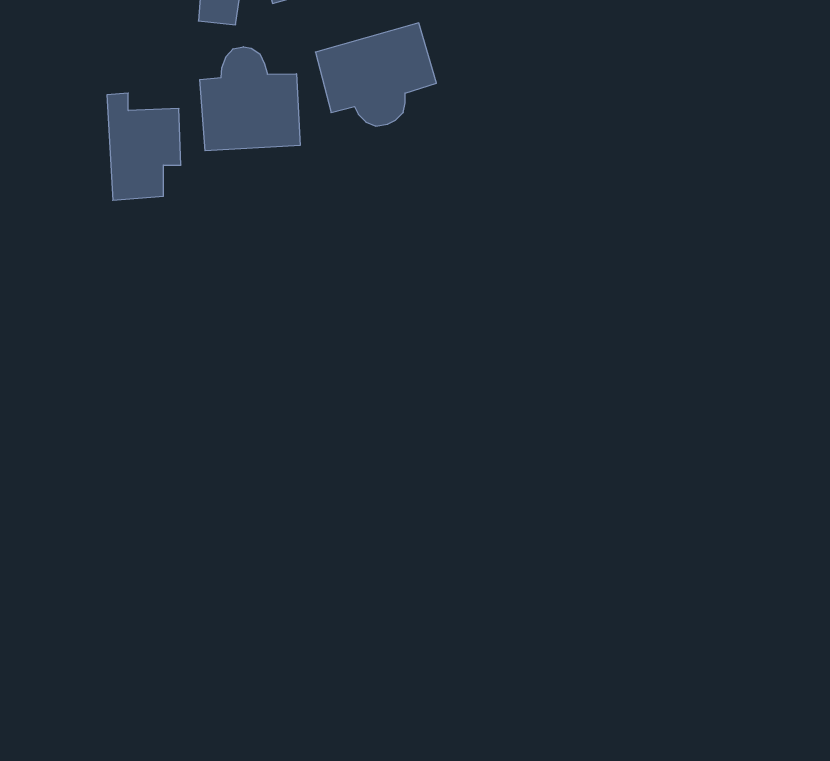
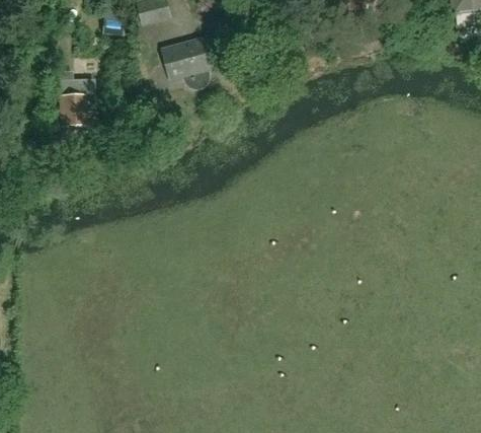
building: [200,47,300,151] -> none

